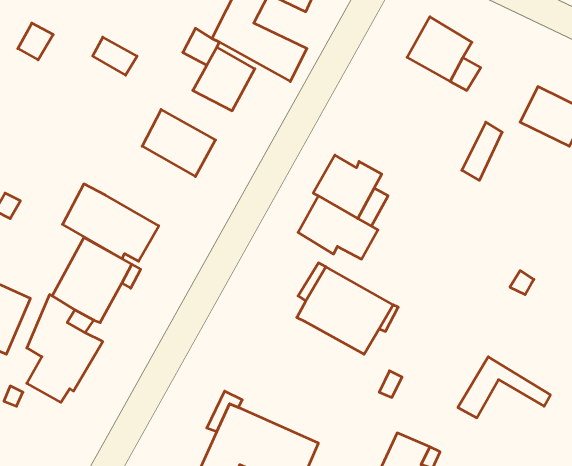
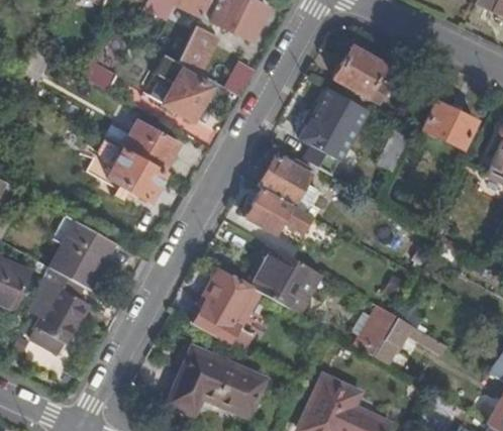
building: none -> [299,87,367,173]
building: [62,184,159,261] -> [88,138,165,200]
building: none -> [190,270,251,343]
building: none -> [356,305,398,355]

